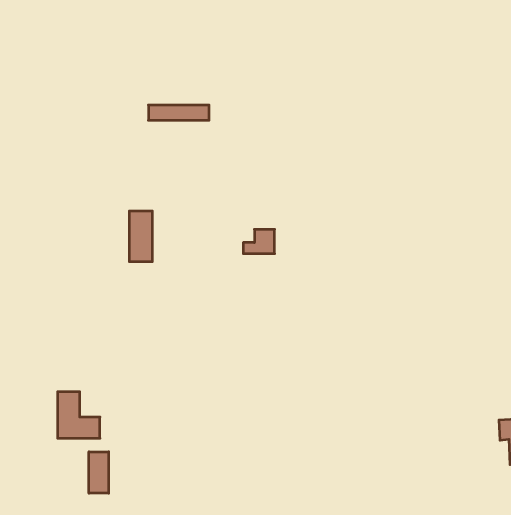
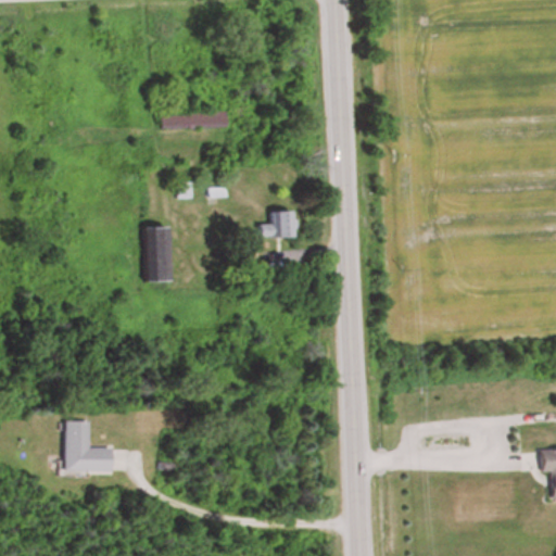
building: [243,229,275,254] -> [261,211,294,237]
building: [89,452,109,493] -> none

